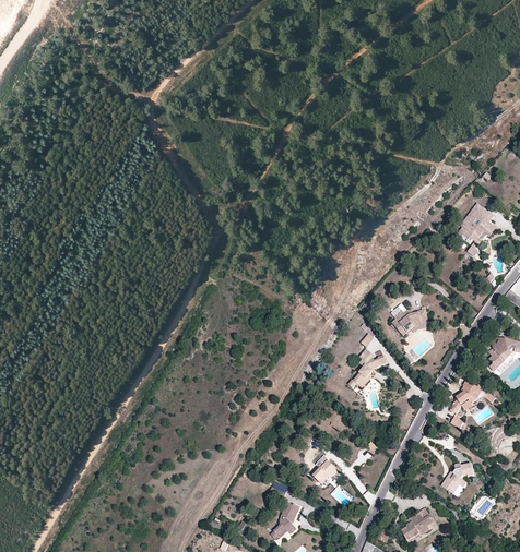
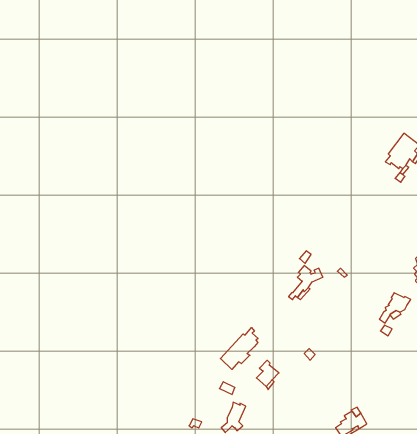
building: [392,309,429,336] -> none
building: none -> [220,328,258,369]
building: [441,463,474,495] -> none

